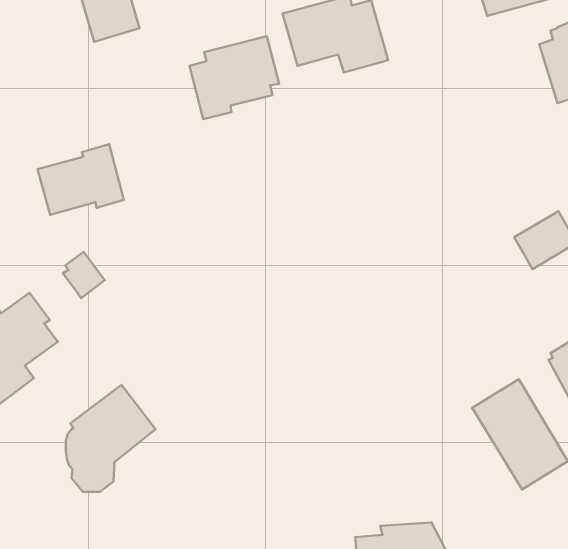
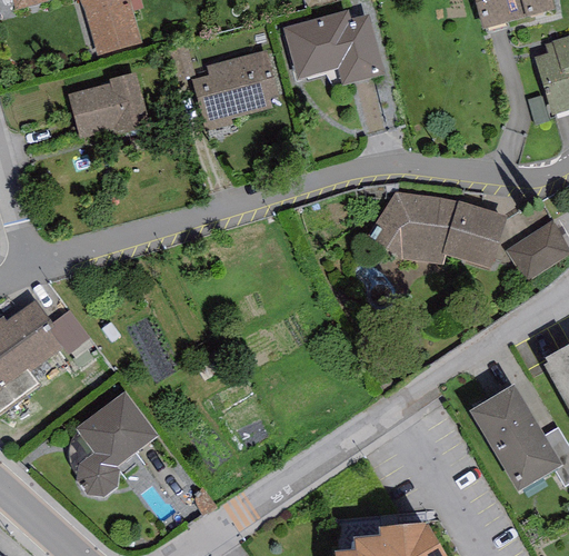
building: [38,144,124,215] -> [66,70,150,139]
building: none -> [368,191,508,268]
building: [63,252,105,298] -> [49,309,90,355]

